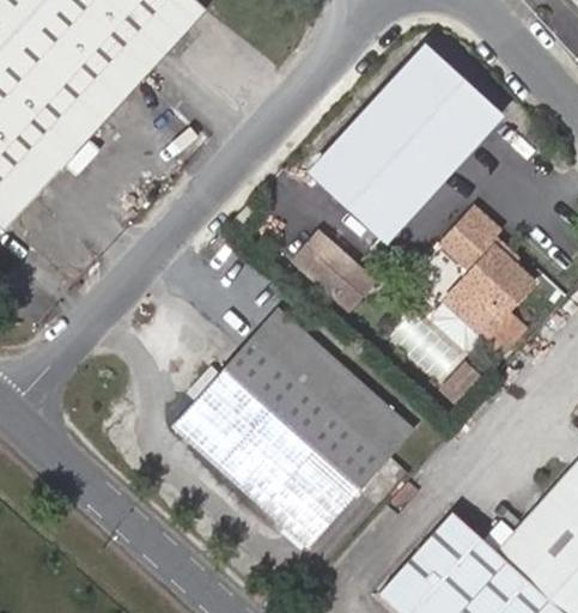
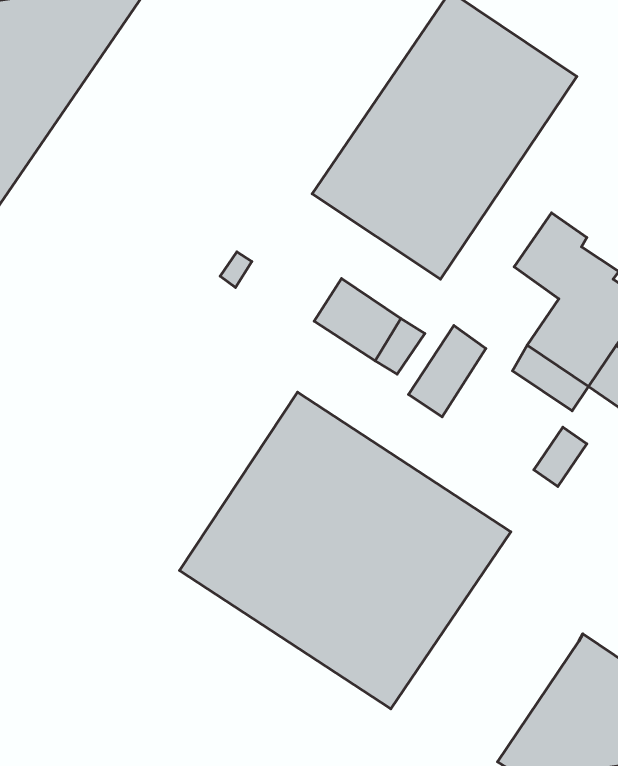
building: none -> [409,326,486,417]

